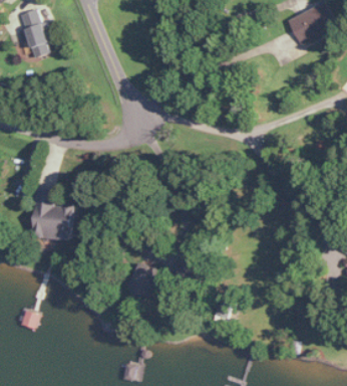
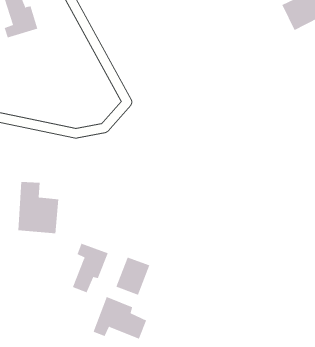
building: none -> [72,243,108,293]
building: none -> [93,296,147,339]

